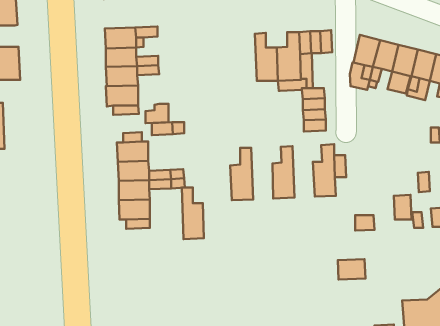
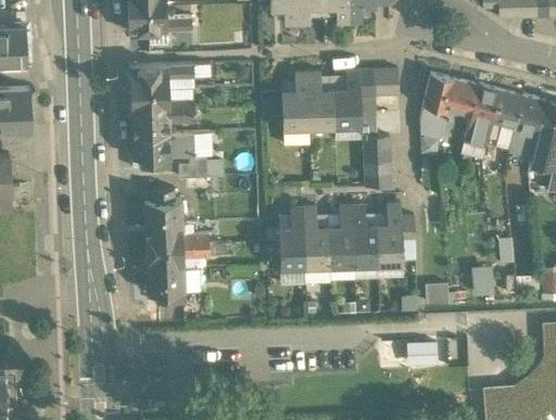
building: none -> [282,73,311,129]
building: none -> [170,132,195,156]
building: none -> [353,205,379,266]
building: [182,188,204,239] -> [304,207,330,268]

